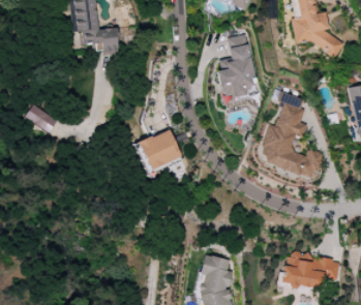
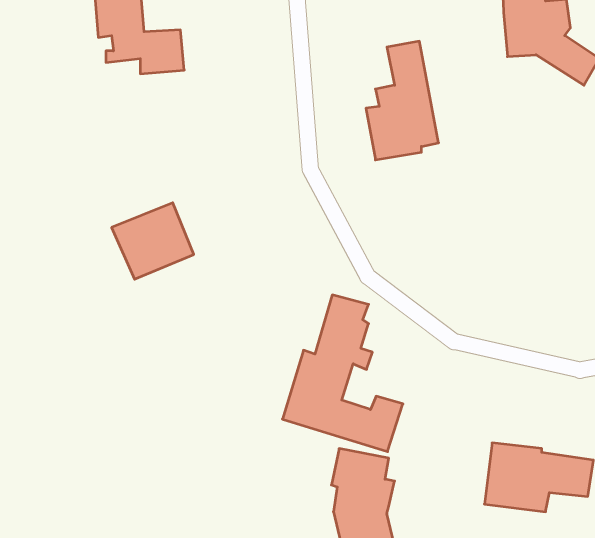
building: [259,94,324,179] -> [282,295,403,452]
building: [25,104,58,133] -> none
building: [138,129,182,171] -> [112,203,194,279]

